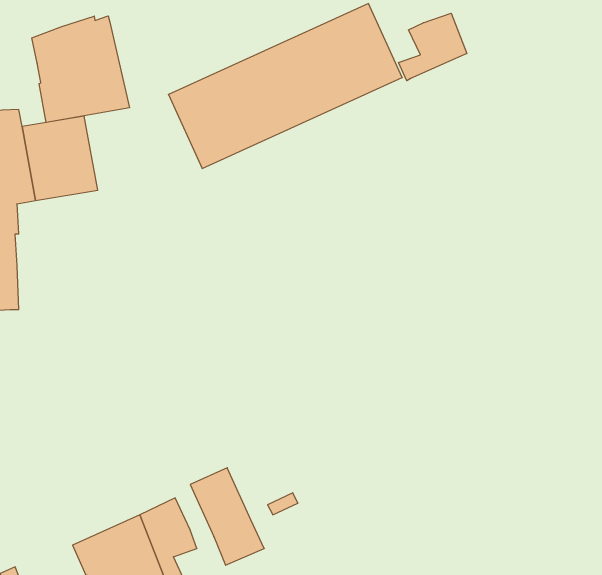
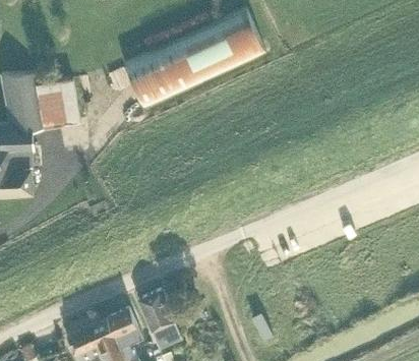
building: [399,13,467,81] -> none
building: [32,16,129,122] -> none

